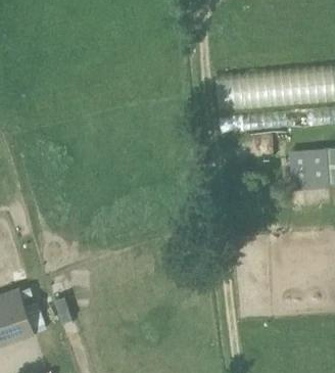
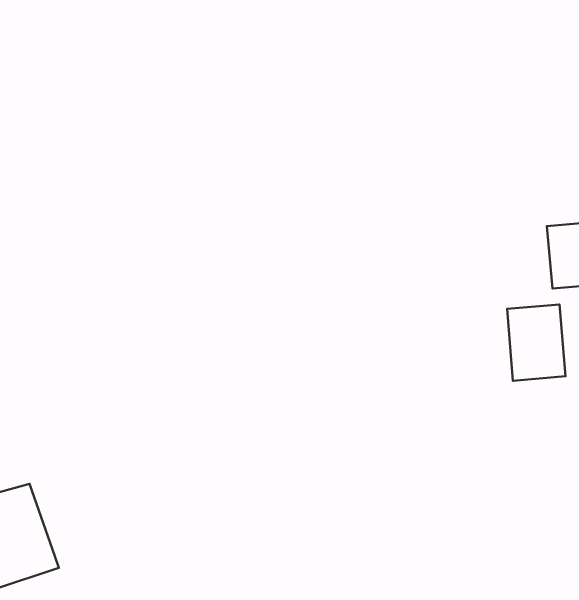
building: none -> [507,304,565,381]

